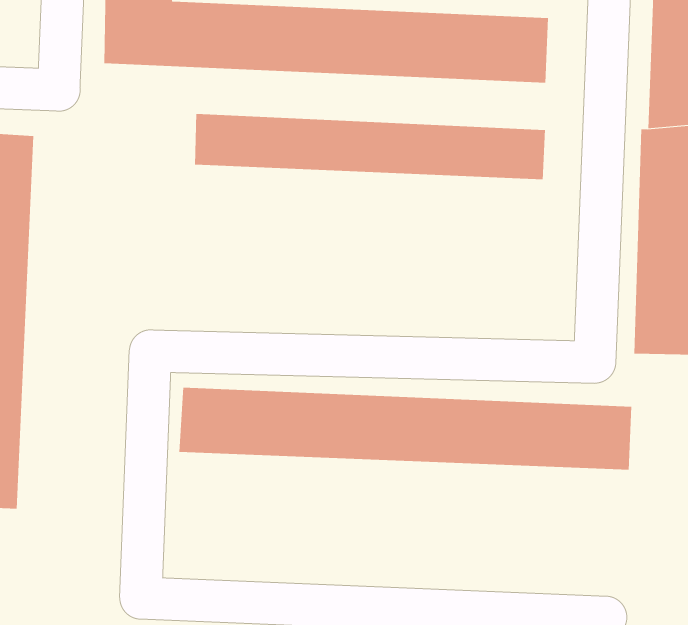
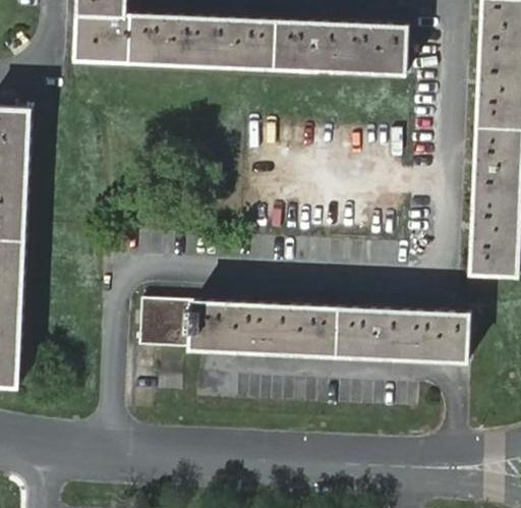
building: [195,113,545,180] -> none

